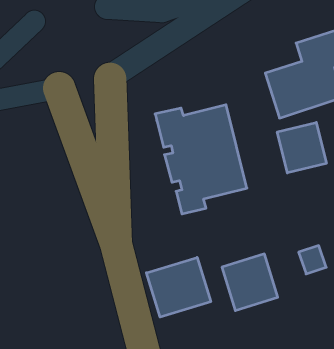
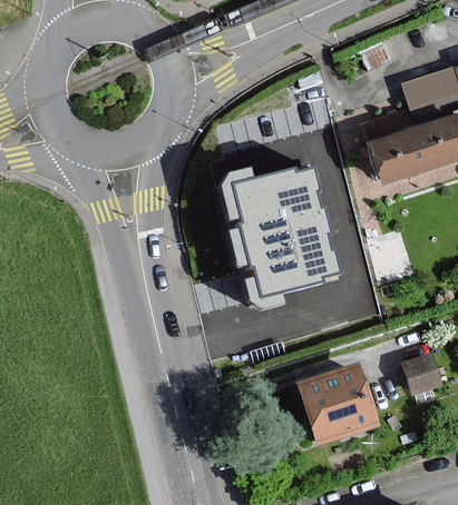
building: [277,122,326,173] -> none
building: [146,257,211,317] -> none

